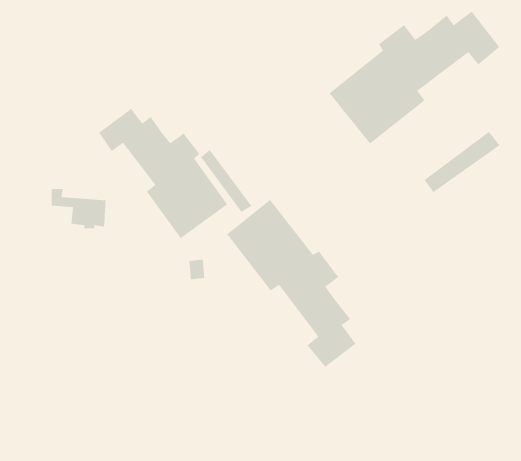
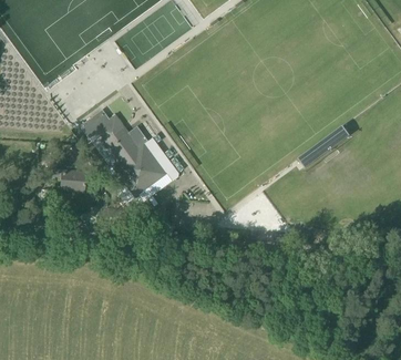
building: [329,11,500,145] -> none
building: [226,199,357,368] -> none

